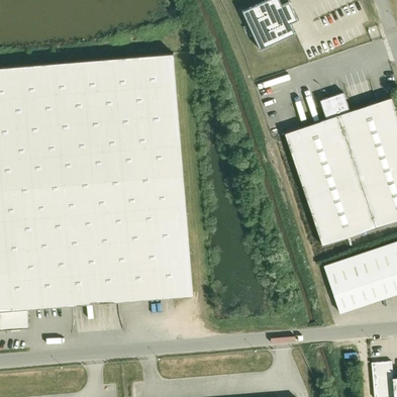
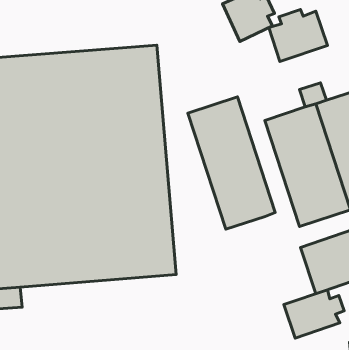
building: none -> [269,9,327,61]
building: none -> [188,97,275,229]
building: none -> [284,290,344,338]

